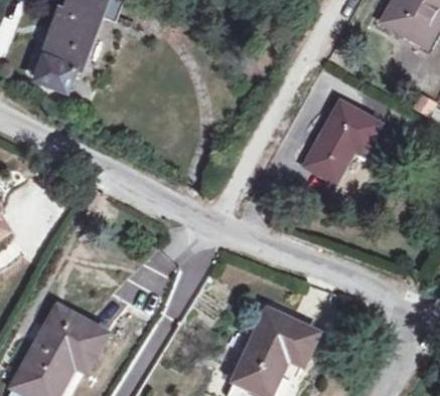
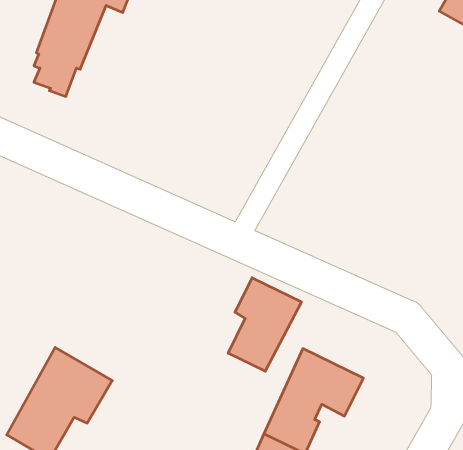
building: [306,101,379,179] -> none
building: none -> [228,278,301,371]

